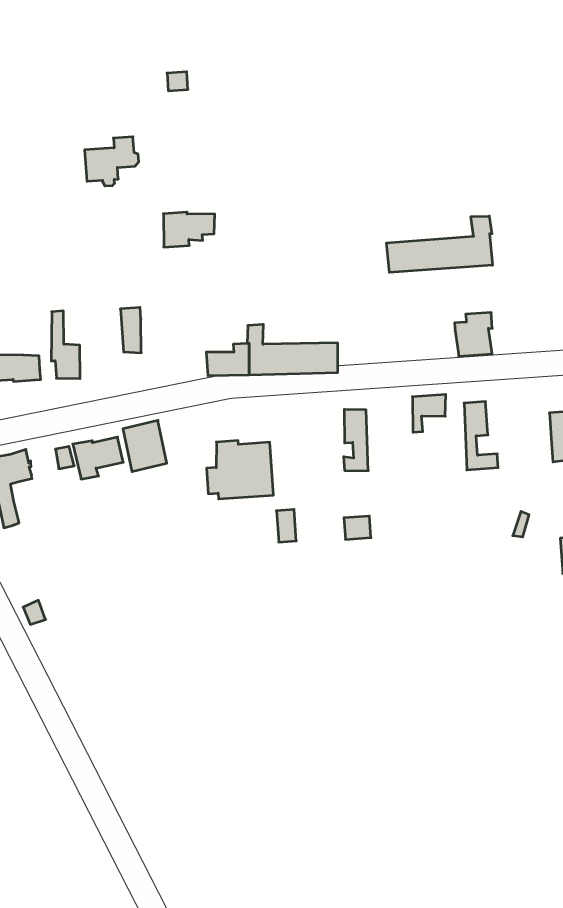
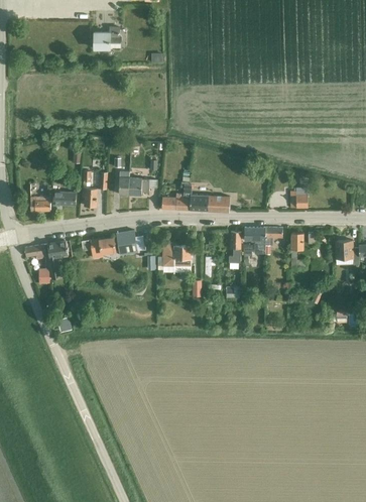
building: [85,137,139,186] -> [95,27,122,51]
building: [163,212,215,247] -> [129,177,156,195]
building: [387,216,492,272] -> none
building: none -> [245,227,266,253]

